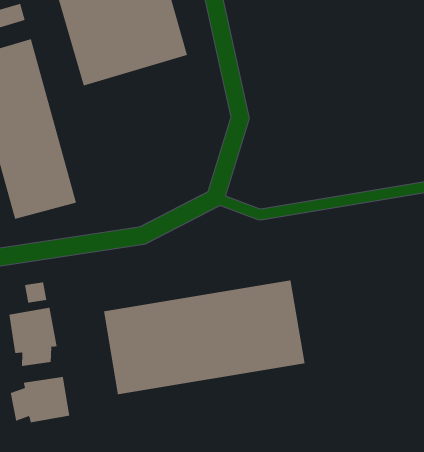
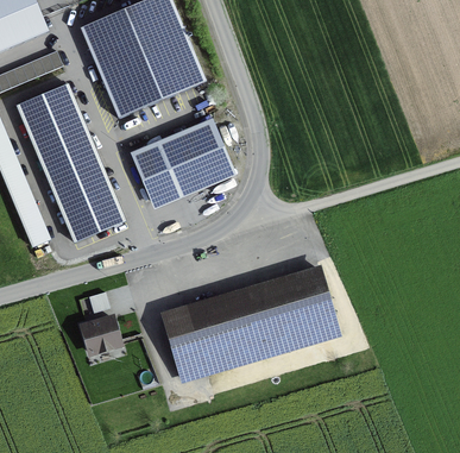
building: none -> [130,117,235,208]
building: [10,376,70,423] -> none

